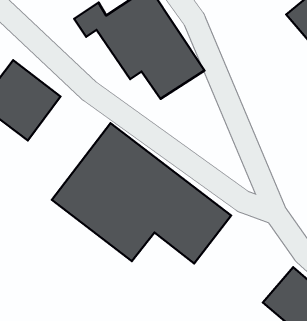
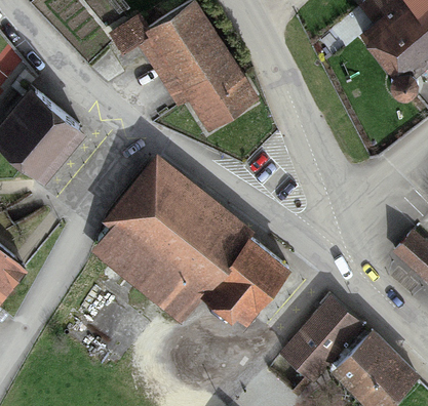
building: none -> [281,292,371,384]

